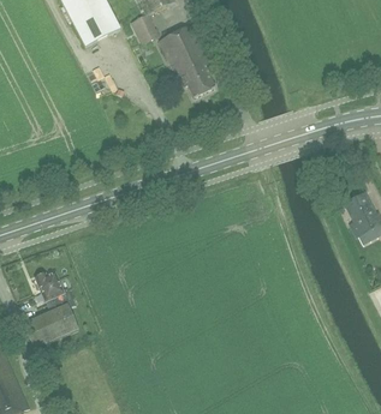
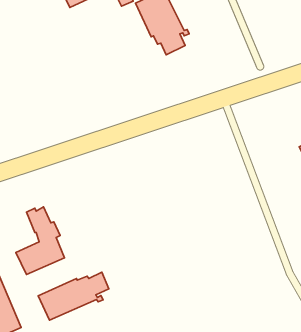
building: none -> [38,272,109,320]

